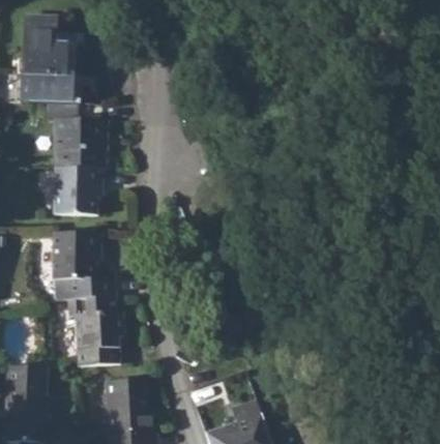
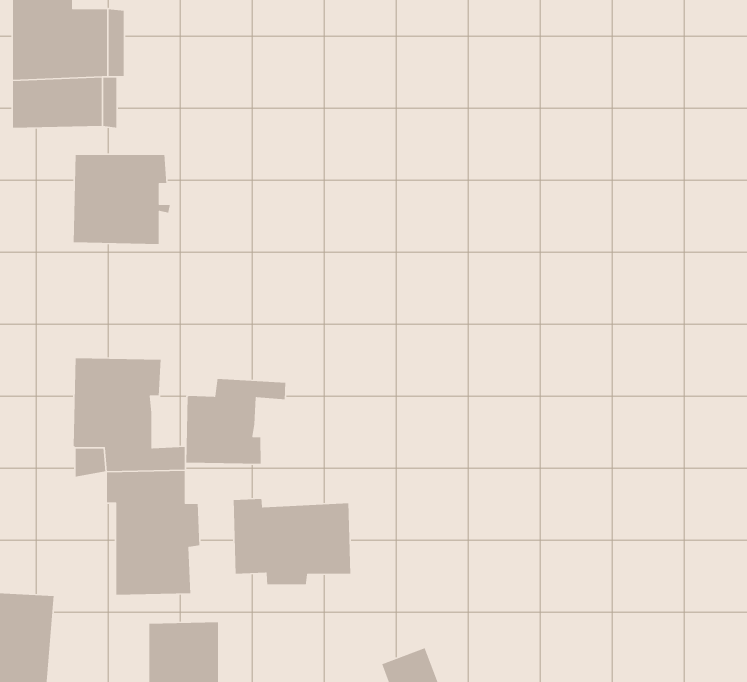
building: [52,169,101,217] -> none
building: none -> [185,378,286,465]
building: none -> [233,498,351,585]

